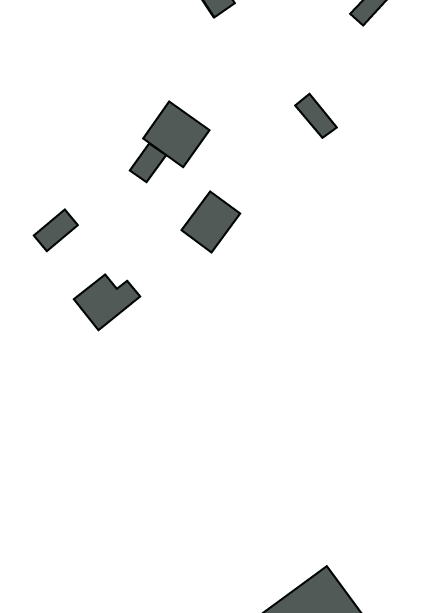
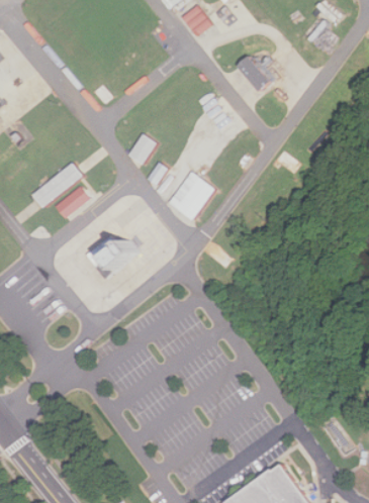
building: [295,94,337,138] -> [238,57,270,91]
building: [143,101,209,167] -> none
building: none -> [32,163,81,206]

